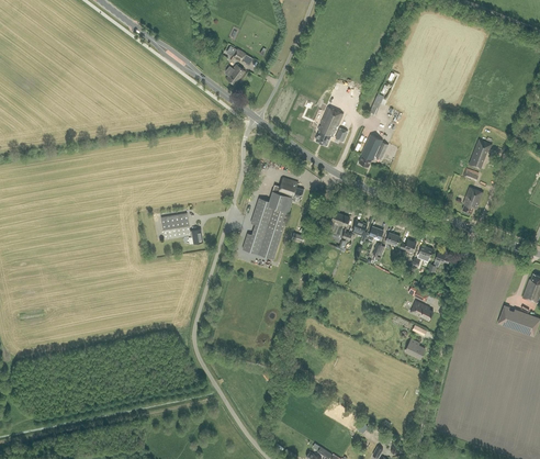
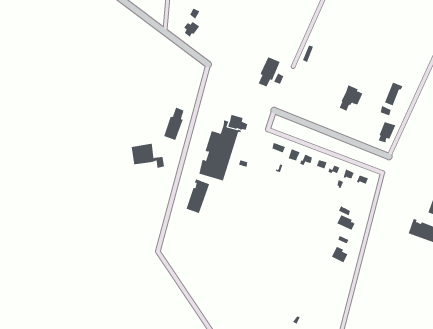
building: [358,134,387,167] -> [339,85,363,112]
building: none -> [164,107,184,141]
building: none -> [186,179,210,214]

